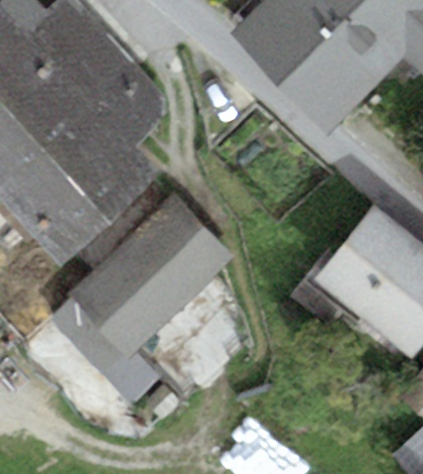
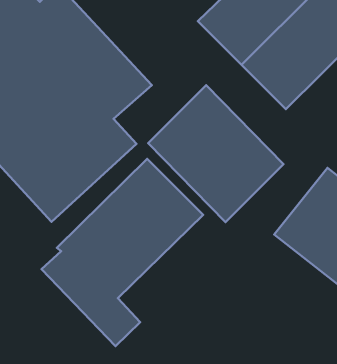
building: none -> [148,85,284,222]

